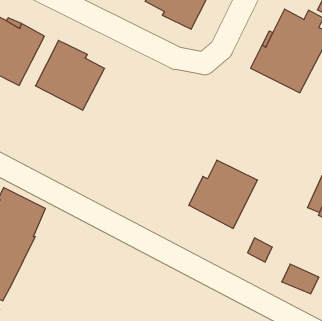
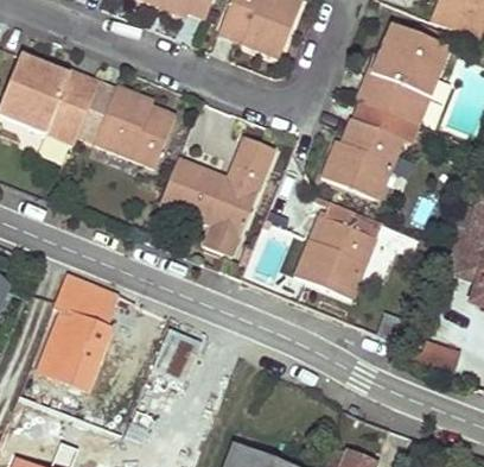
building: none -> [321,115,406,200]
building: none -> [159,135,275,235]

